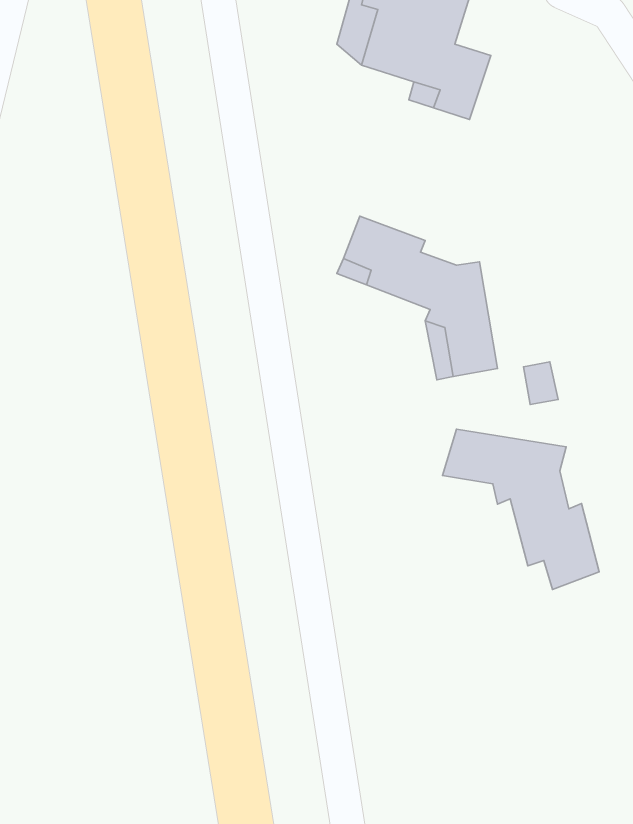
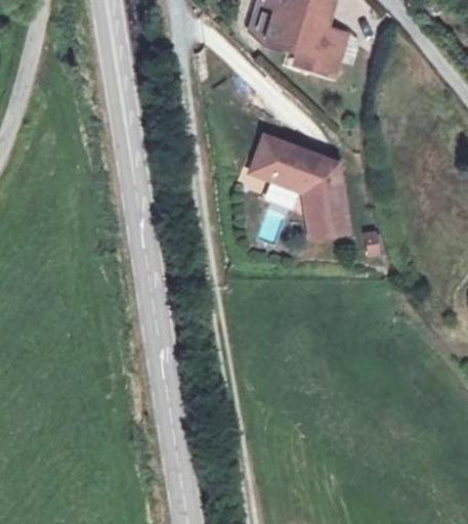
building: [442,429,599,590] -> none

